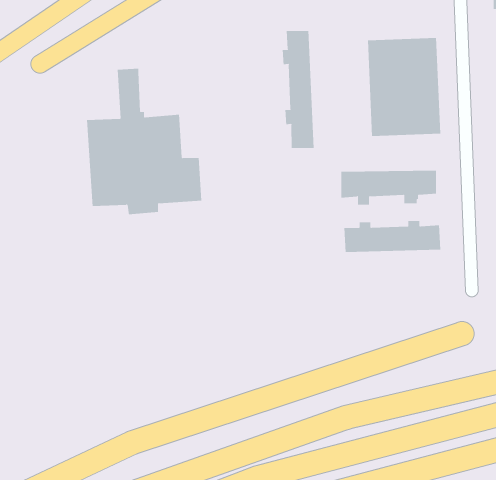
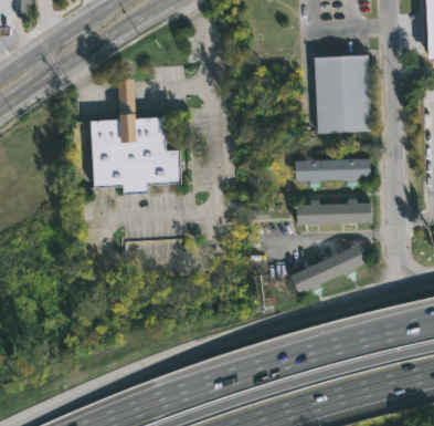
building: [282,30,314,149] -> none
building: none -> [295,242,371,293]

